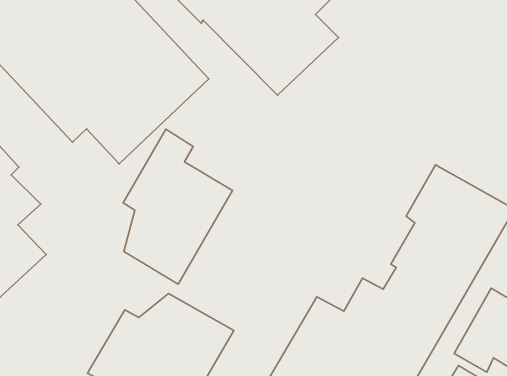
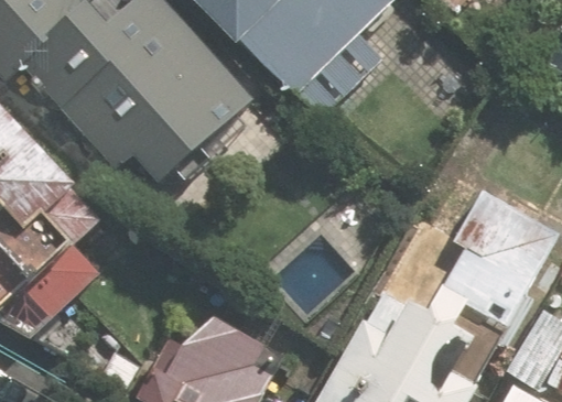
building: [123,129,232,284] -> none

